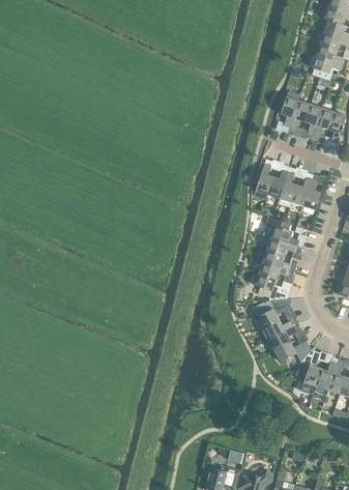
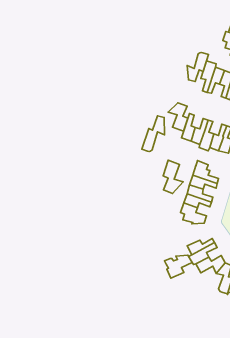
building: none -> [187,52,208,82]
building: none -> [168,103,188,131]
building: none -> [142,116,164,151]
building: none -> [163,160,183,193]
building: [255,298,290,327] -> [164,255,192,278]

